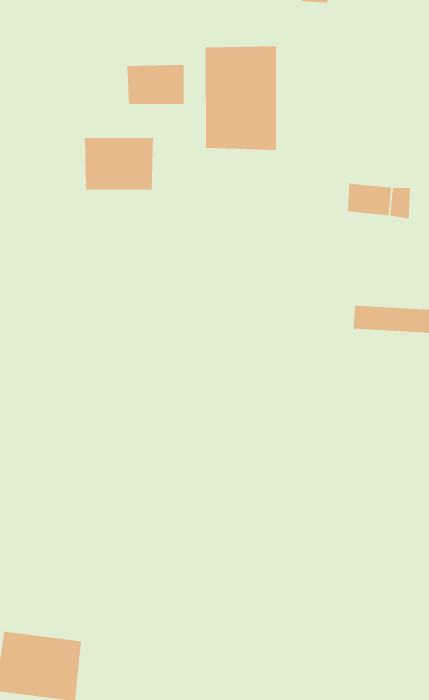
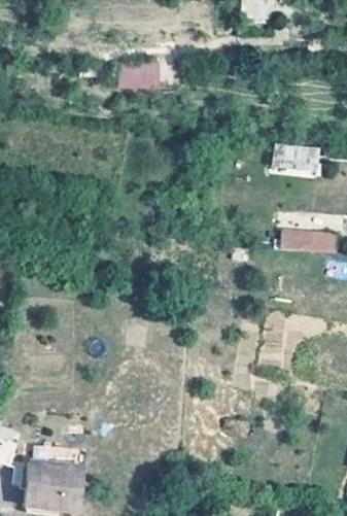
building: [205,46,277,151] -> none
building: [84,137,154,191] -> none

